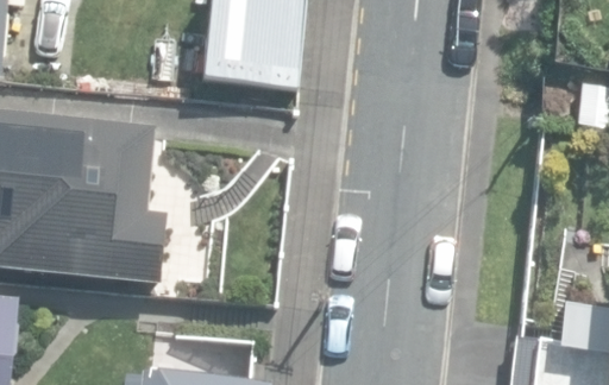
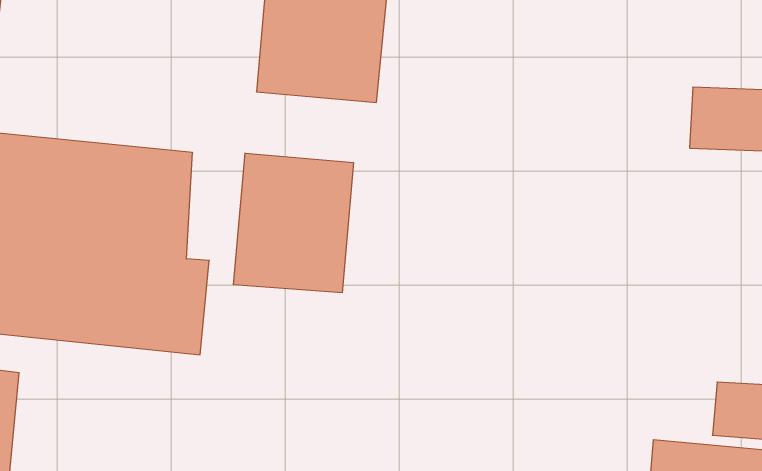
building: none -> [234,153,353,293]

